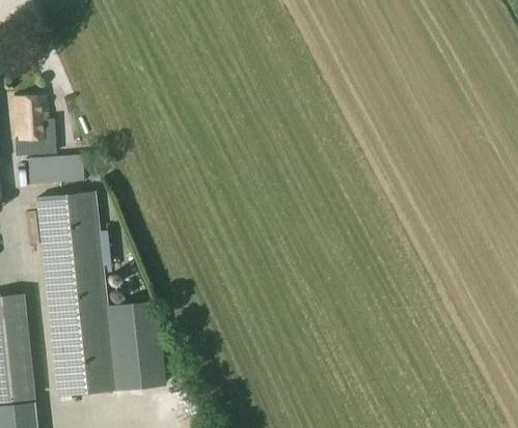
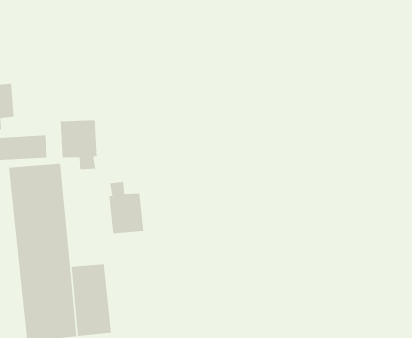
building: none -> [60,119,97,170]
building: none -> [109,181,144,234]

